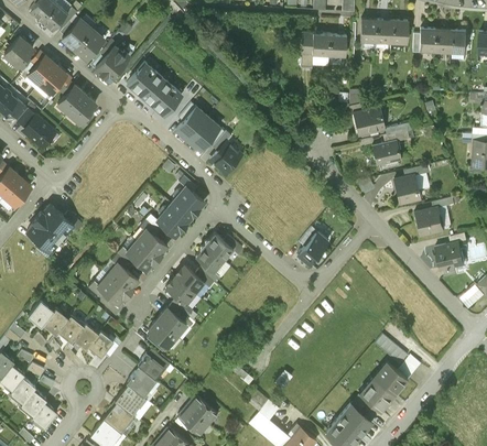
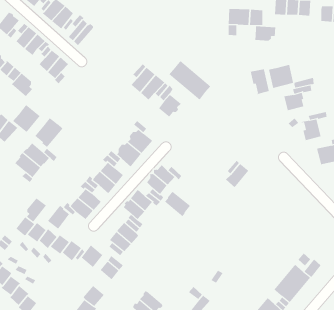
building: none -> [255,26,276,42]
building: [127,64,181,116] -> none
building: none -> [168,60,211,101]
building: none -> [250,68,270,95]
building: none -> [12,104,40,133]
building: none -> [35,117,63,148]
building: none -> [164,191,191,217]
building: none -> [26,197,47,223]
building: none -> [47,205,70,230]
building: [125,369,153,399] -> [81,245,103,268]

